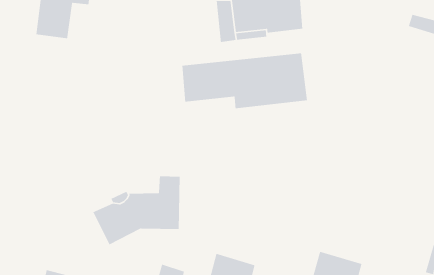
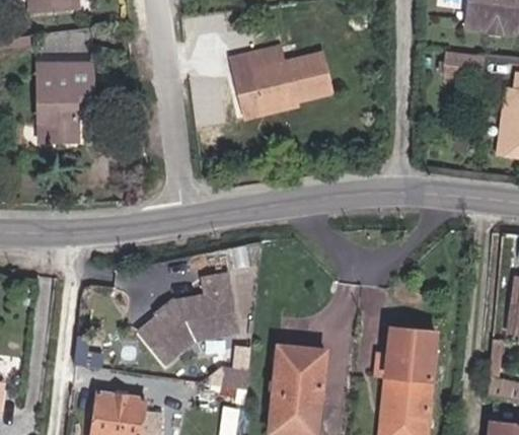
building: [181,52,308,109] -> none

